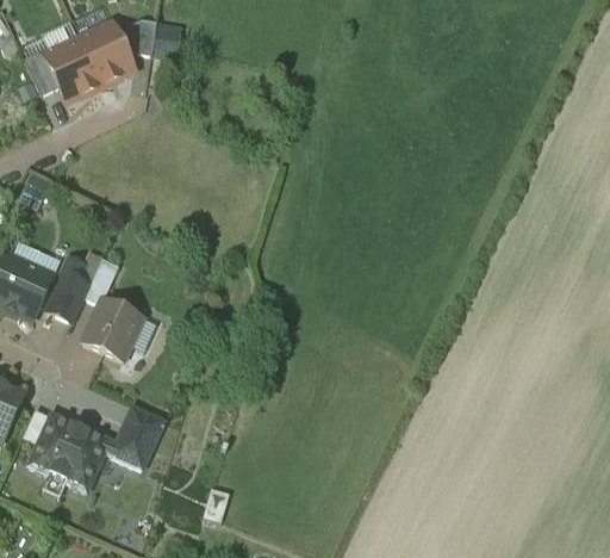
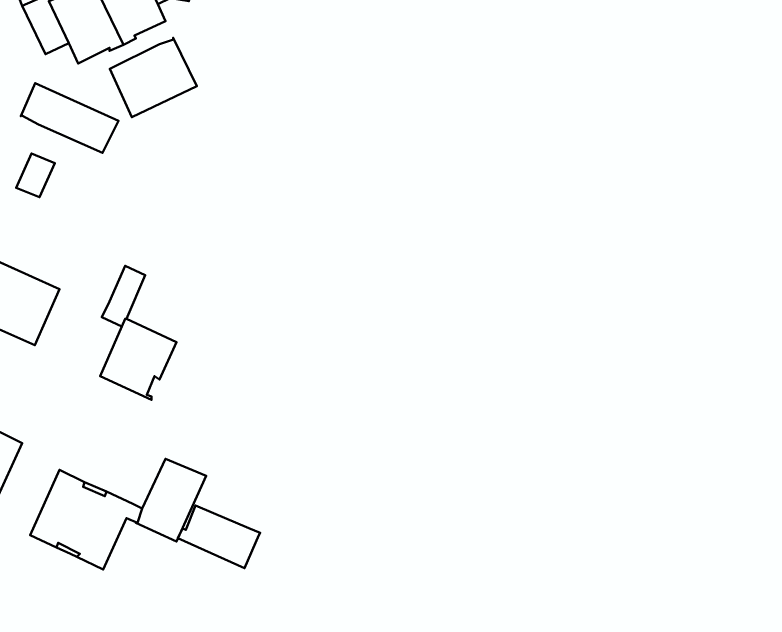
building: none -> [110,38,197,117]
building: none -> [21,83,118,153]
building: [46,258,92,322] -> none
building: none -> [178,505,260,568]

